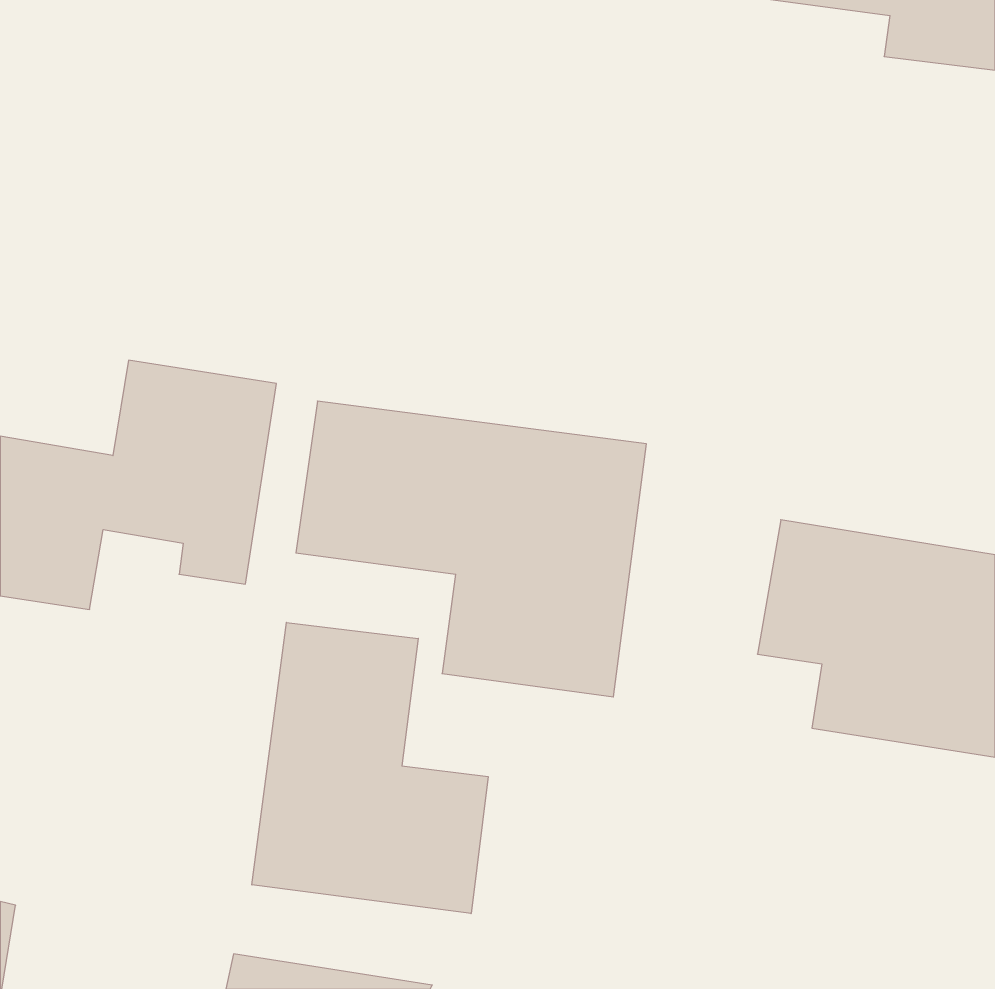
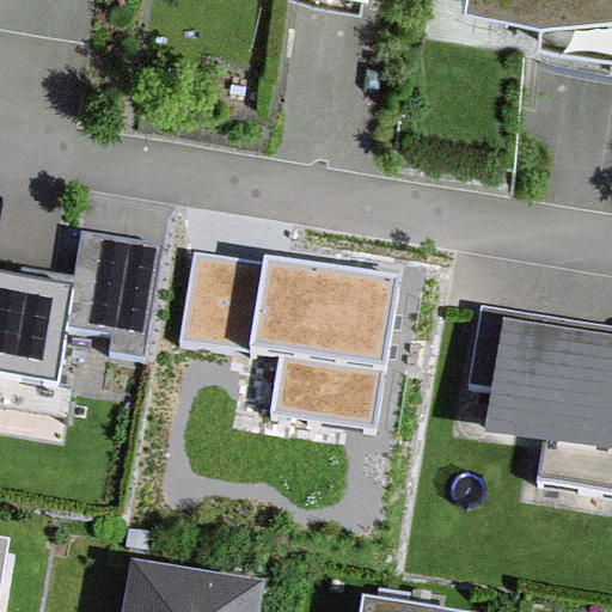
building: [252,622,488,914] -> none

